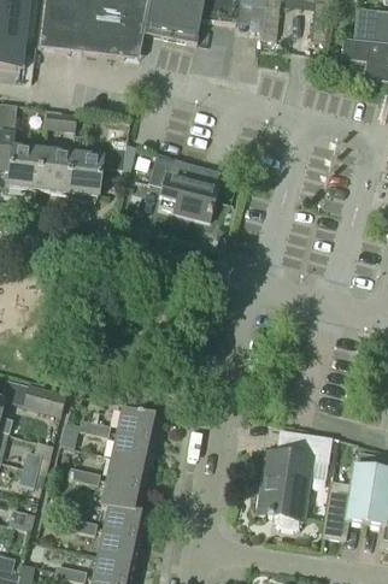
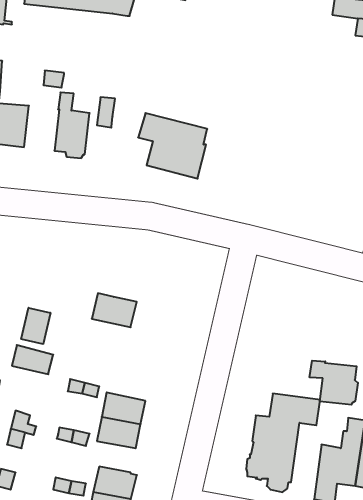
building: [35,147,70,191] -> none
building: none -> [21,308,50,344]
building: none -> [310,361,358,405]
building: [117,406,161,440] -> [92,293,137,327]
building: [102,479,146,511] -> none

